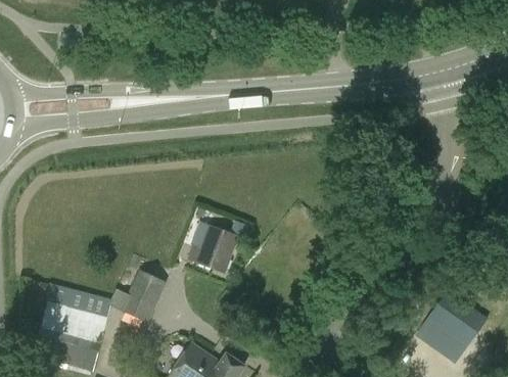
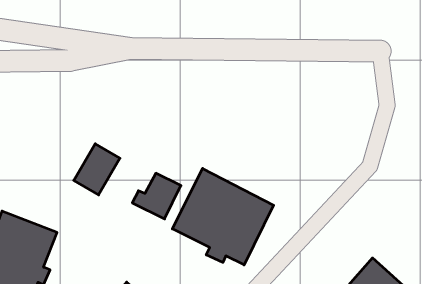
building: none -> [172,168,274,265]
building: [120,270,166,323] -> [74,144,120,195]

